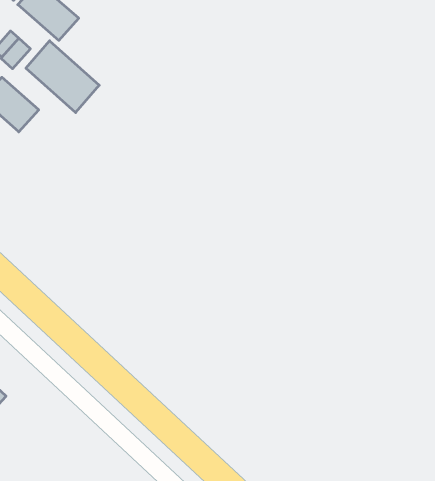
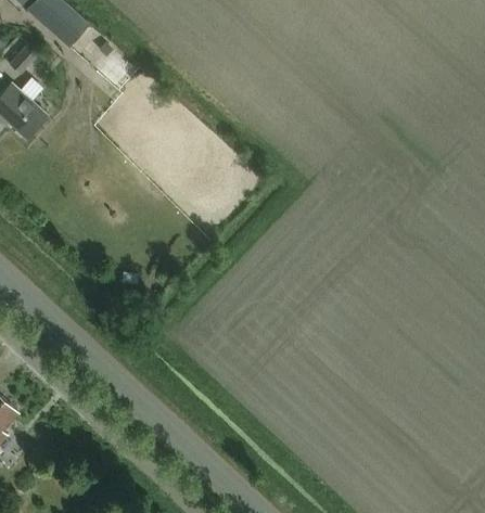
building: [26,41,99,113] -> none

